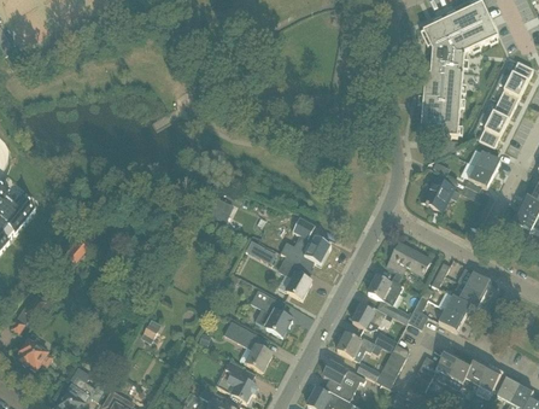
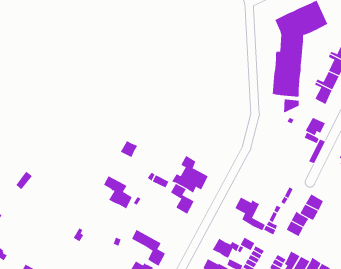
building: [468,144,500,174] -> none
building: [422,177,458,211] -> none
building: [386,243,430,284] -> none
building: [250,290,291,337] -> [103,175,133,209]
building: [351,304,392,329] -> none

